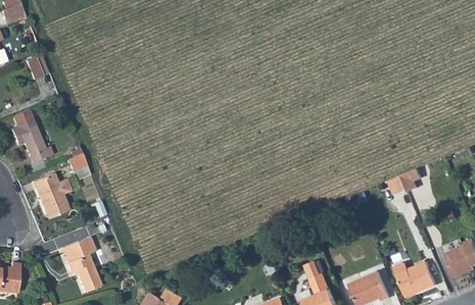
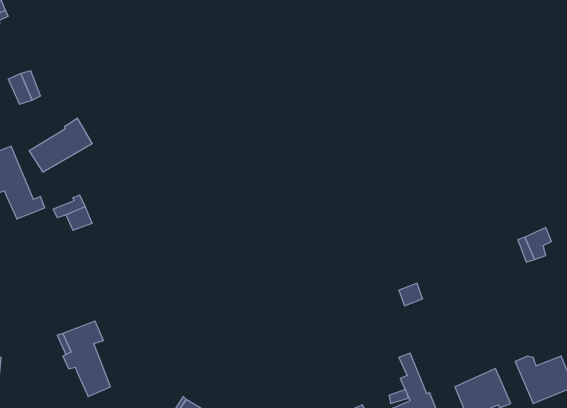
building: none -> [29,118,92,172]
building: [32,173,69,218] -> none

